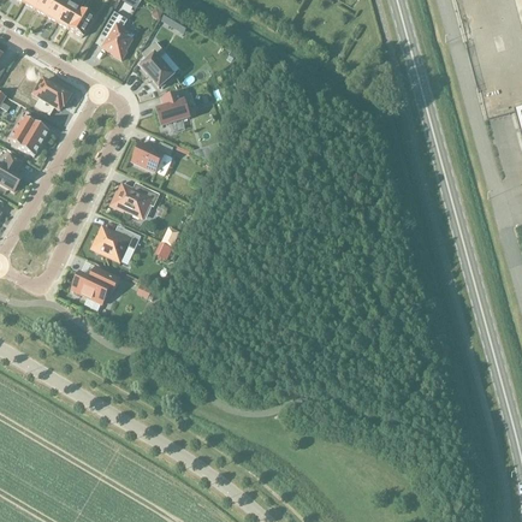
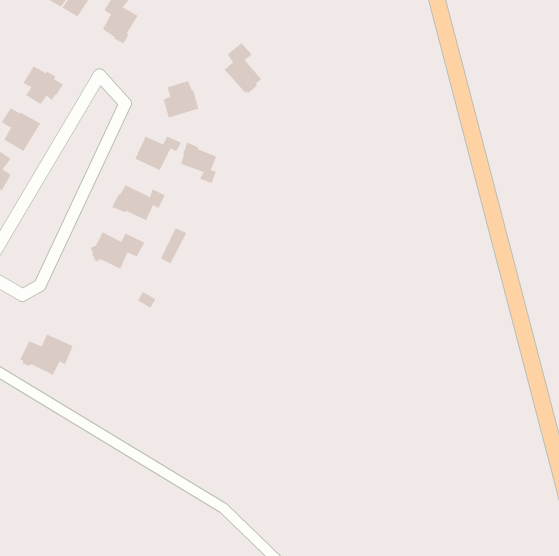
building: [141,40,174,85] -> [224,42,262,94]
building: none -> [180,142,217,184]
building: [72,265,120,302] -> [19,334,73,376]

